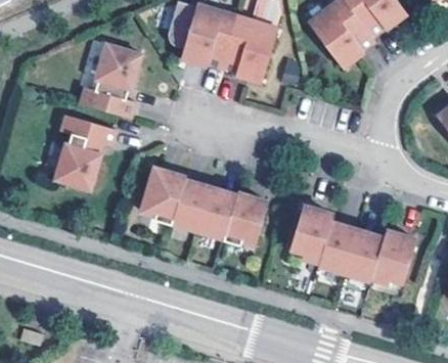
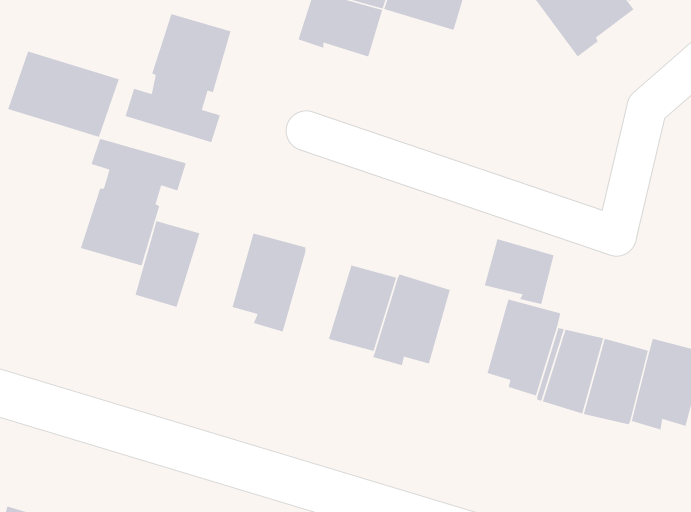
building: [221,40,270,82] -> none
building: none -> [7,51,120,138]
building: none -> [484,238,554,305]
building: [173,179,211,229] -> [134,220,200,308]

